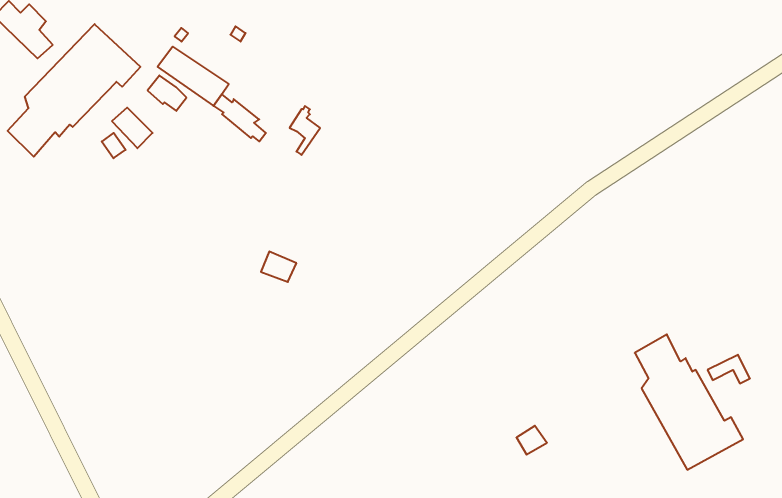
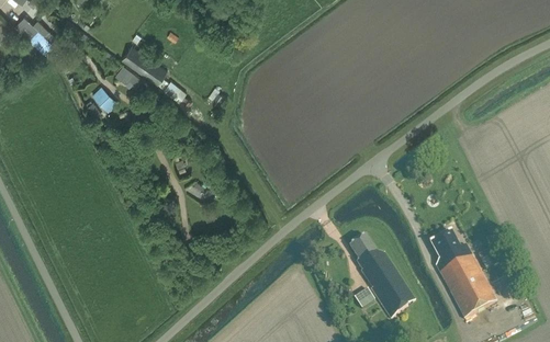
building: [8,24,140,157] -> none
building: none -> [350,237,416,320]

